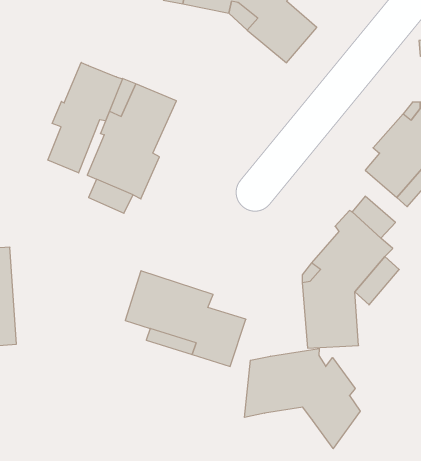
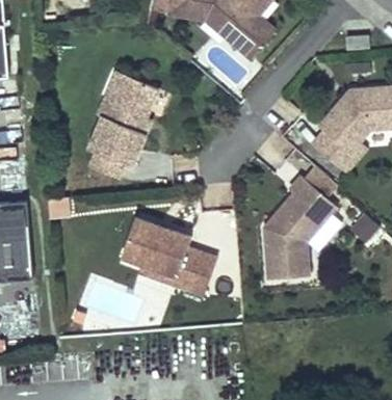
building: [48,62,123,173] -> none
building: [244,348,360,449] -> none

